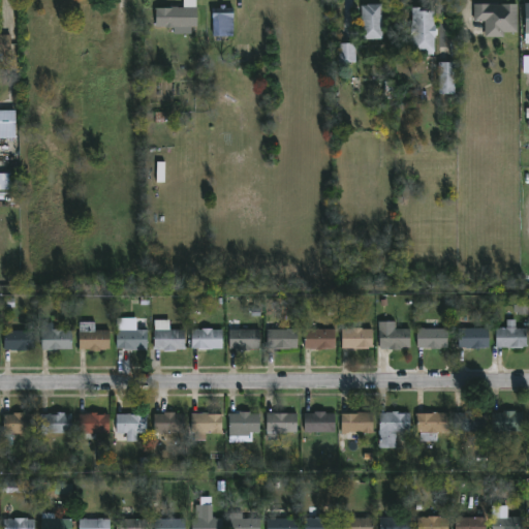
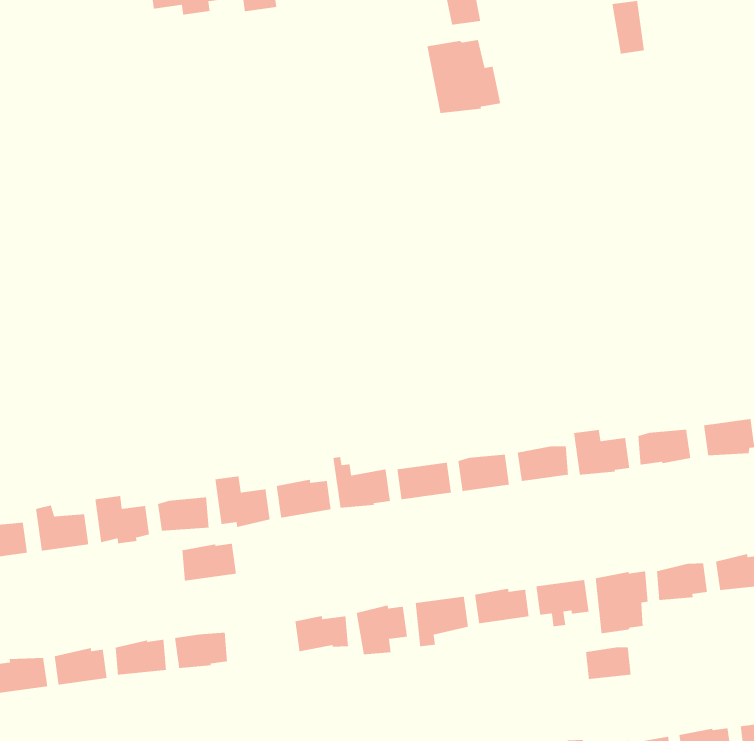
building: none -> [426,39,501,114]
building: [153,413,186,434] -> [181,543,237,581]
building: none -> [585,647,631,680]

